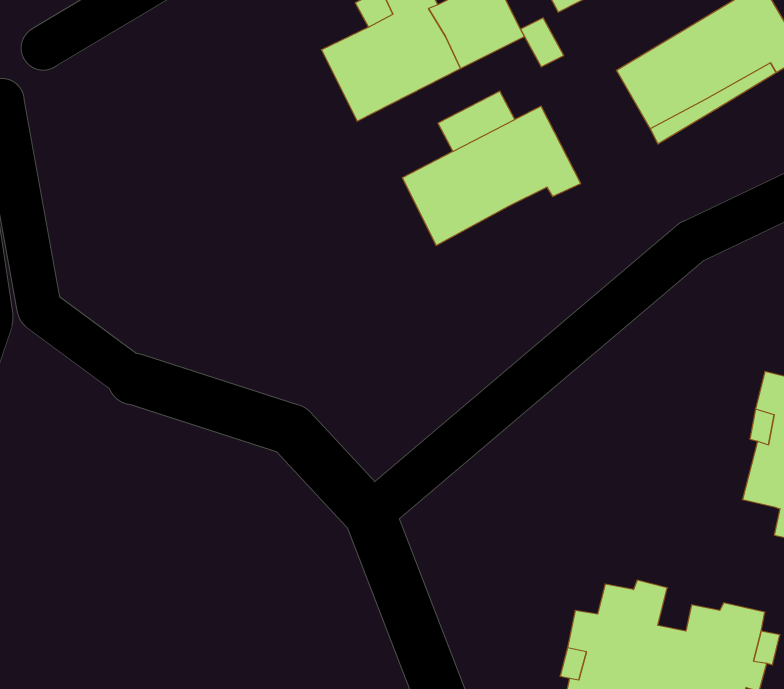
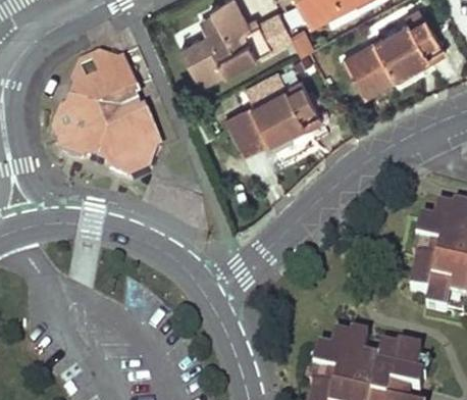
building: none -> [44,63,153,185]

